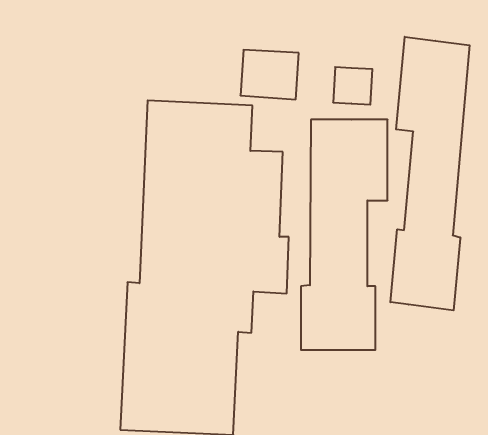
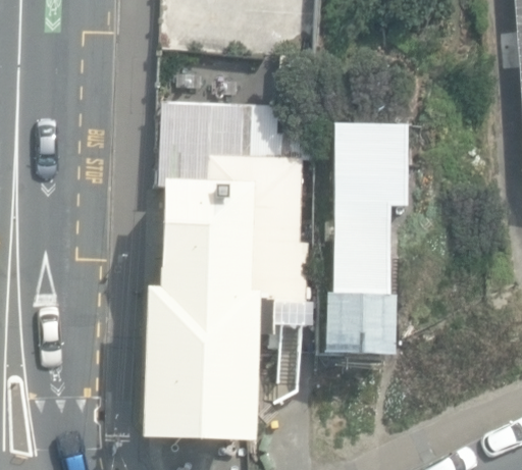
building: [390,37,470,310] -> none

